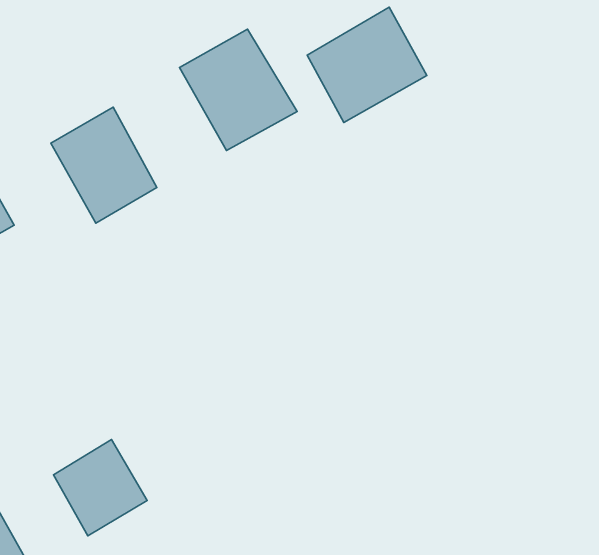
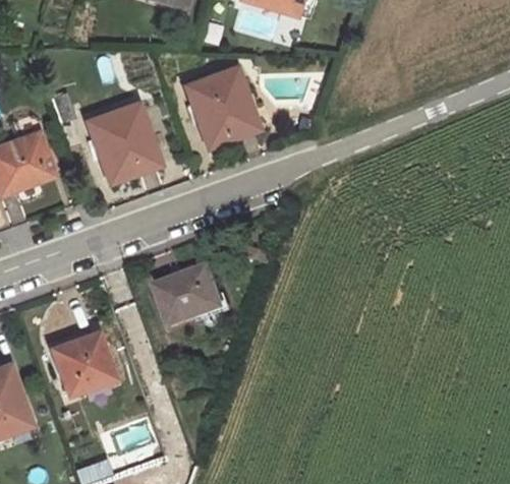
building: [307,7,427,122] -> none
building: none -> [160,263,225,322]

